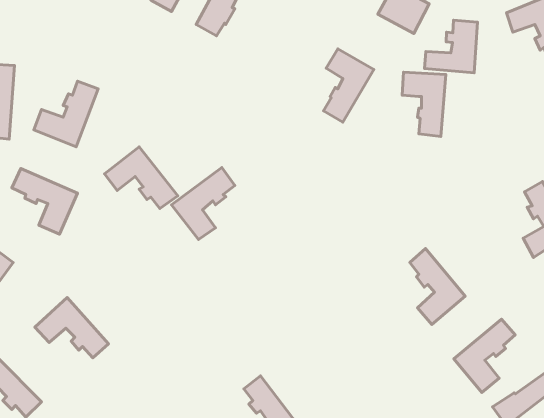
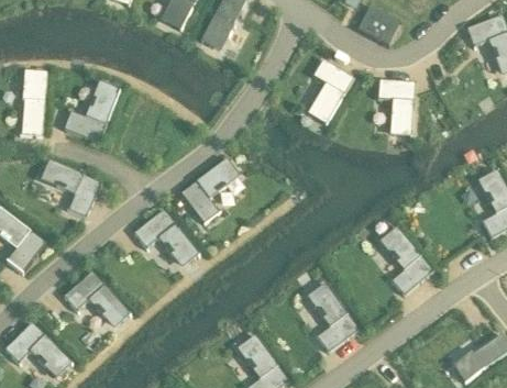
building: [424,20,477,73] -> none
building: [104,147,178,209] -> [134,210,197,263]
building: none -> [311,286,357,352]
building: [454,319,515,393] -> none

